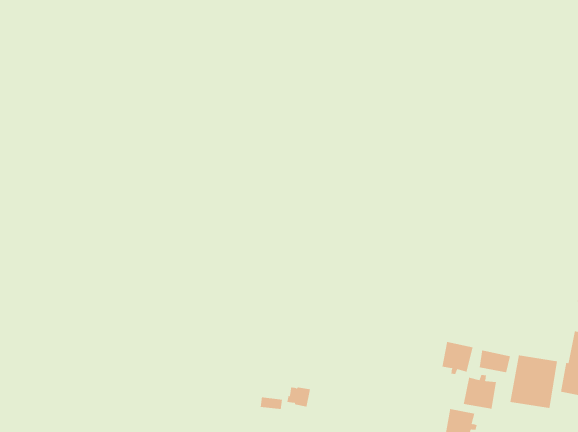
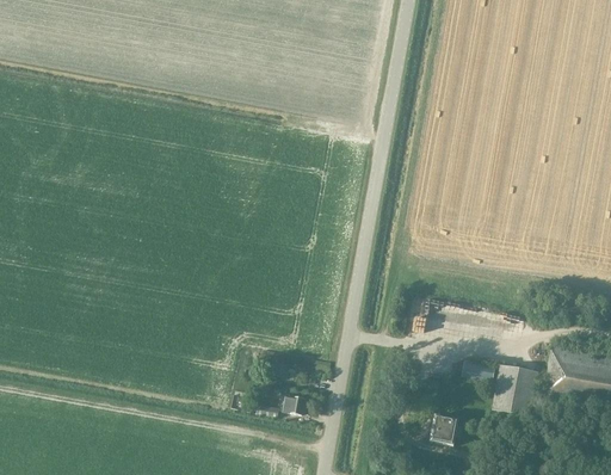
building: [442,341,473,375] -> none
building: [463,374,496,410] -> none

